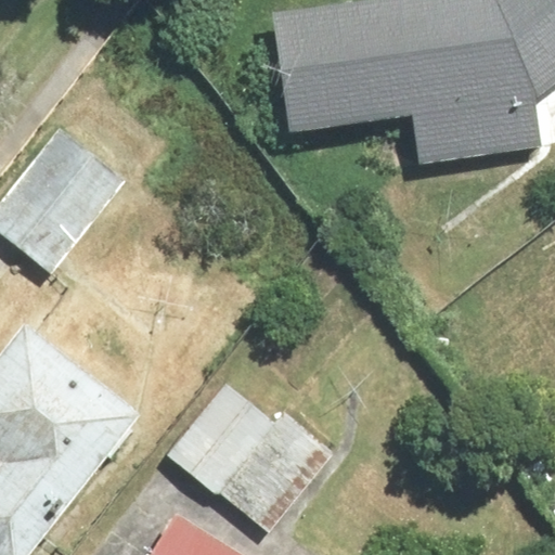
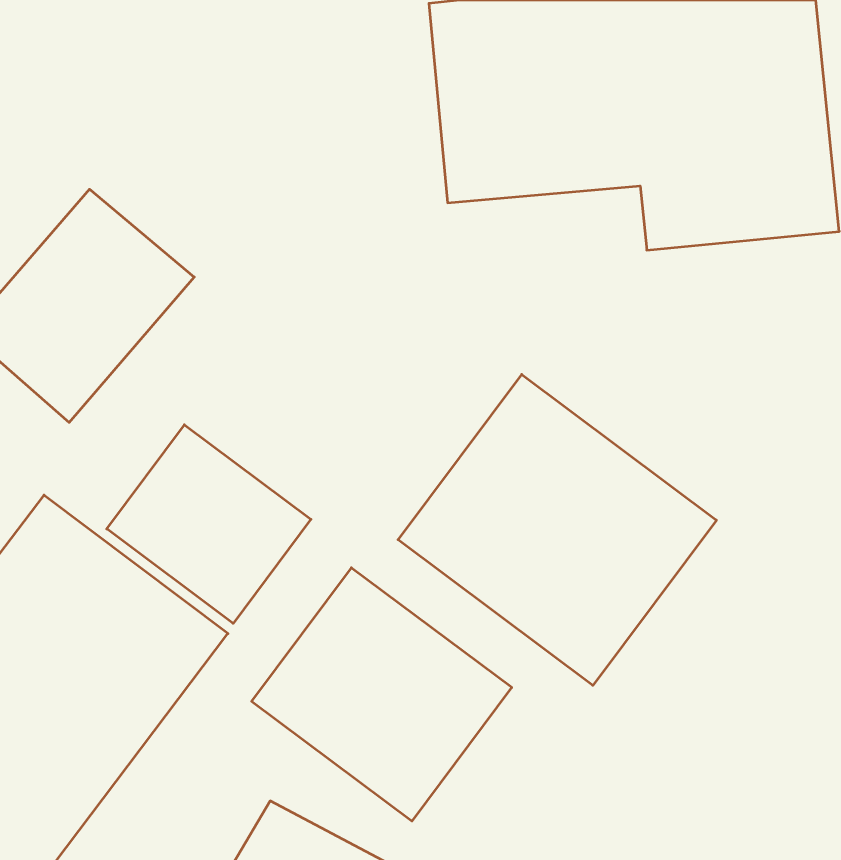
building: none -> [398,374,716,685]
building: none -> [107,425,311,623]

